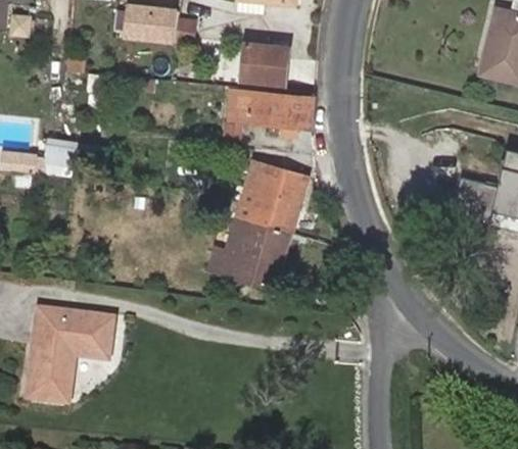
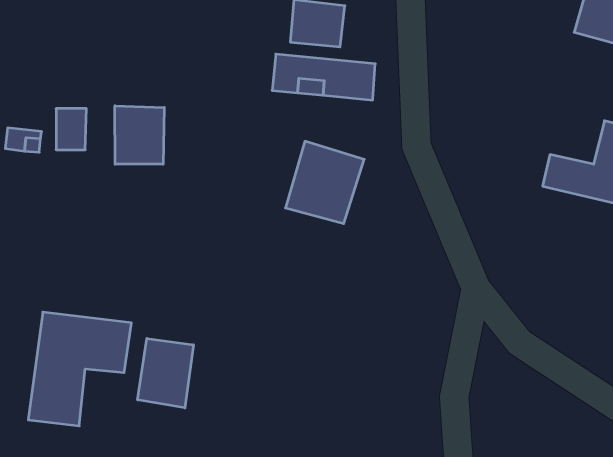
building: none -> [115,106,164,164]
building: [198,220,290,289] -> none
building: none -> [138,338,193,408]

